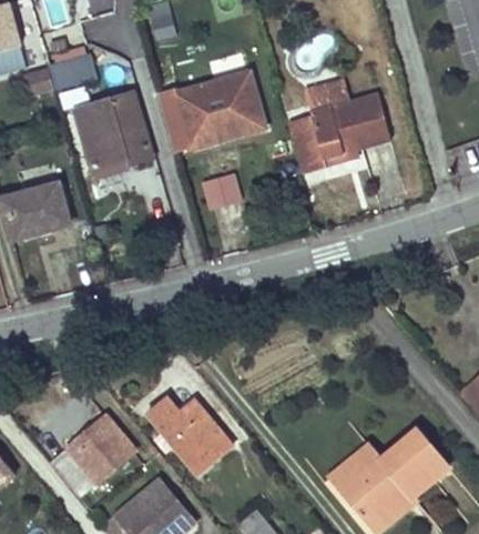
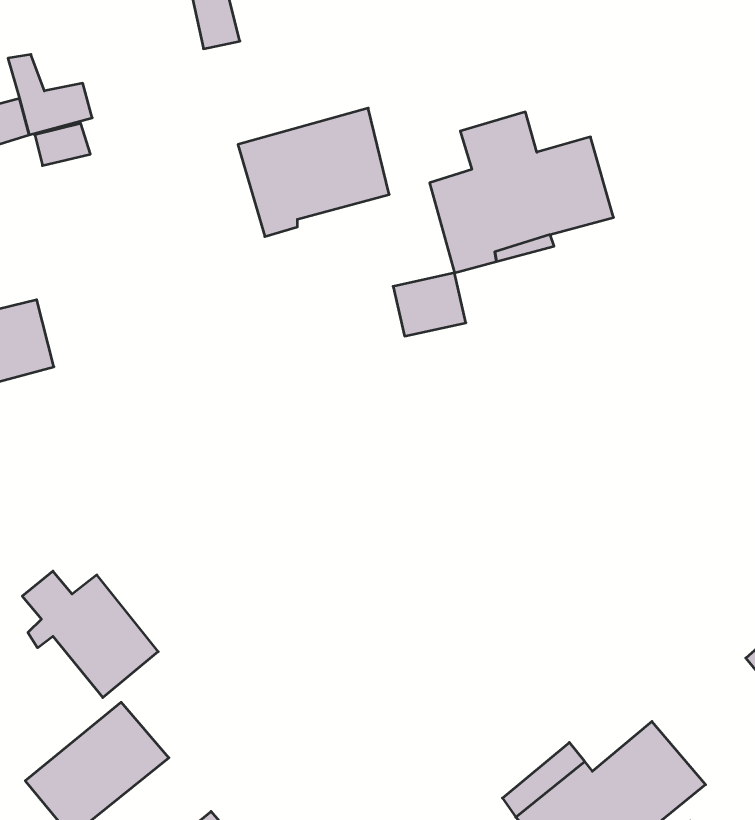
building: [80,93,152,168] -> none
building: [201,170,243,206] -> [393,273,466,336]
building: [152,399,231,472] -> [22,571,158,698]

